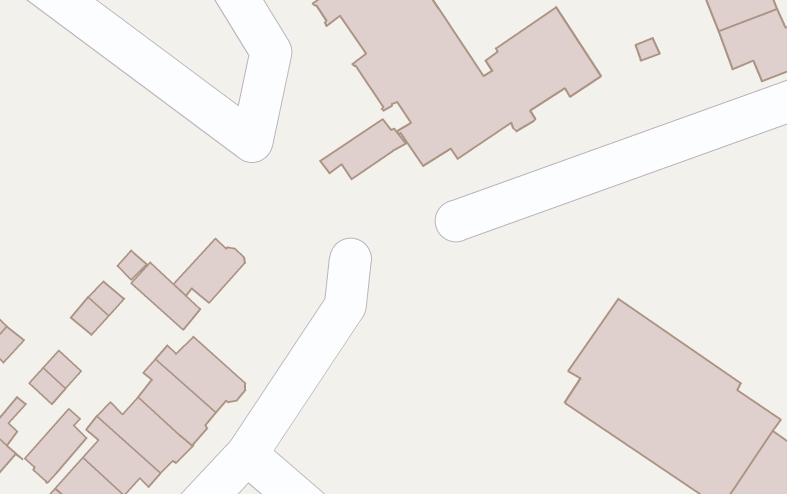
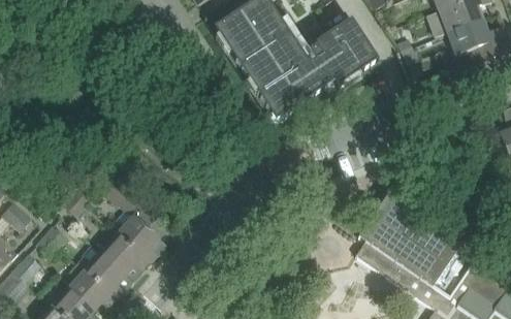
building: [320,119,406,179] -> none
building: [174,239,245,303] -> none
building: [25,409,87,483] -> none

